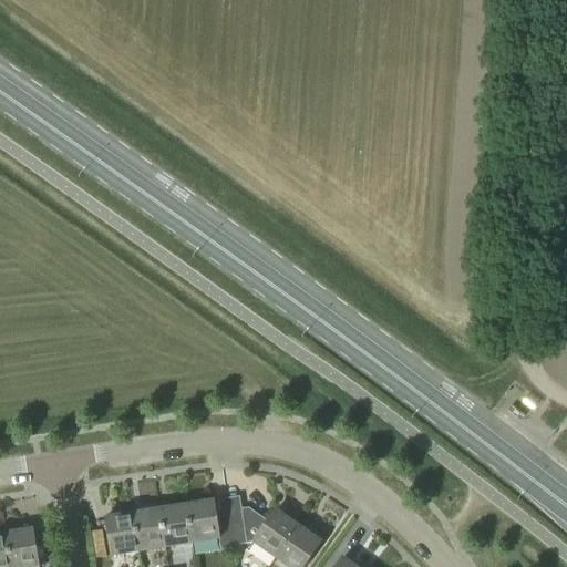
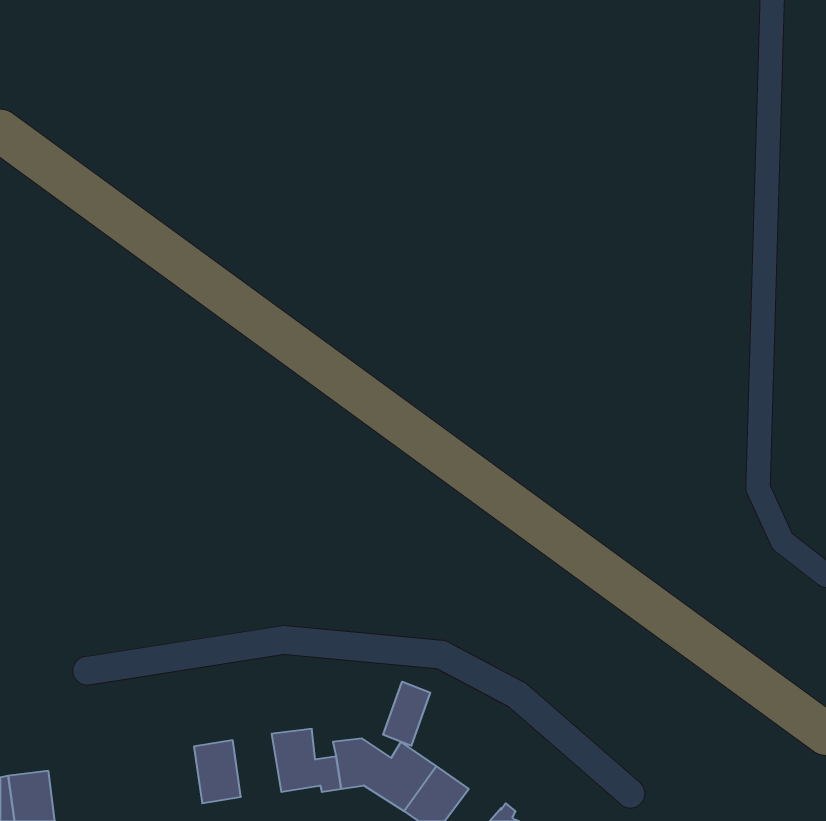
building: none -> [383,682,430,746]
building: [159,503,193,546] -> none
building: [105,512,138,555] -> none

